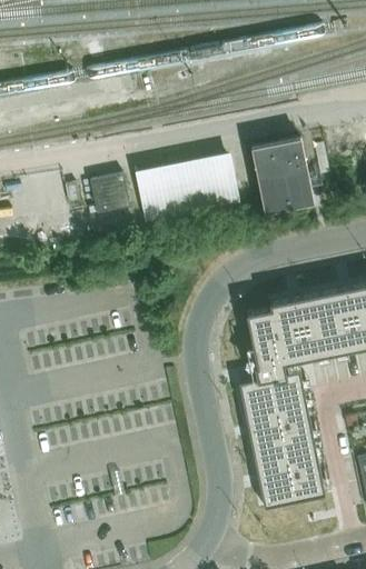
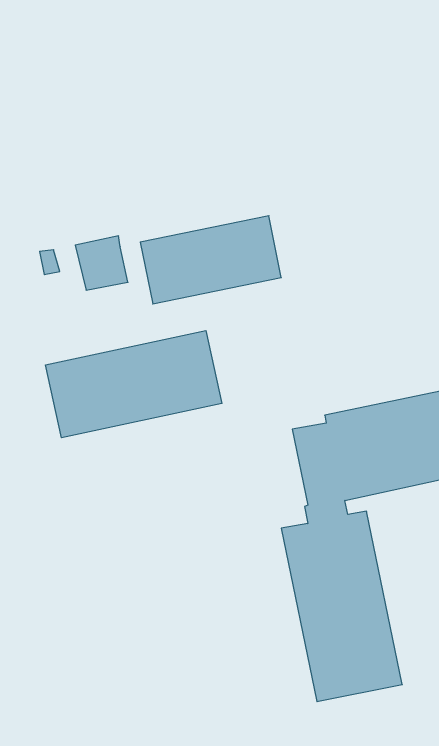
building: [250,139,314,213] -> none
building: none -> [46,331,222,438]

